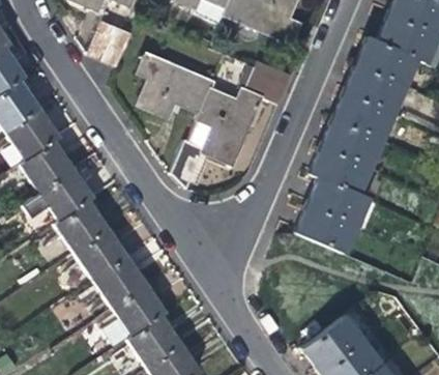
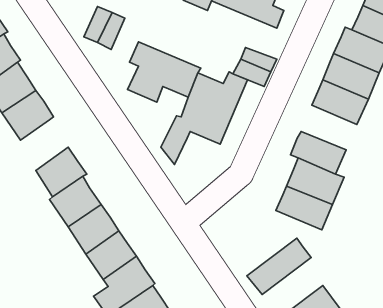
building: [321,123,380,171] -> none
building: [20,139,74,193] -> none
building: none -> [247,238,311,295]

